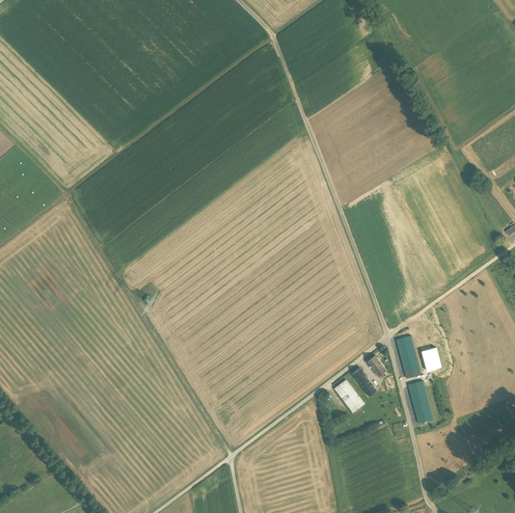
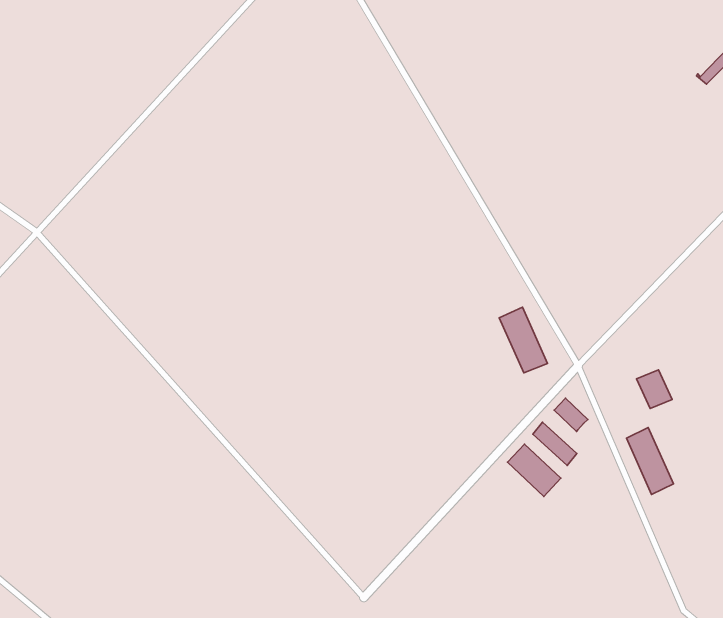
building: [396,334,421,375] -> [499,307,548,373]

